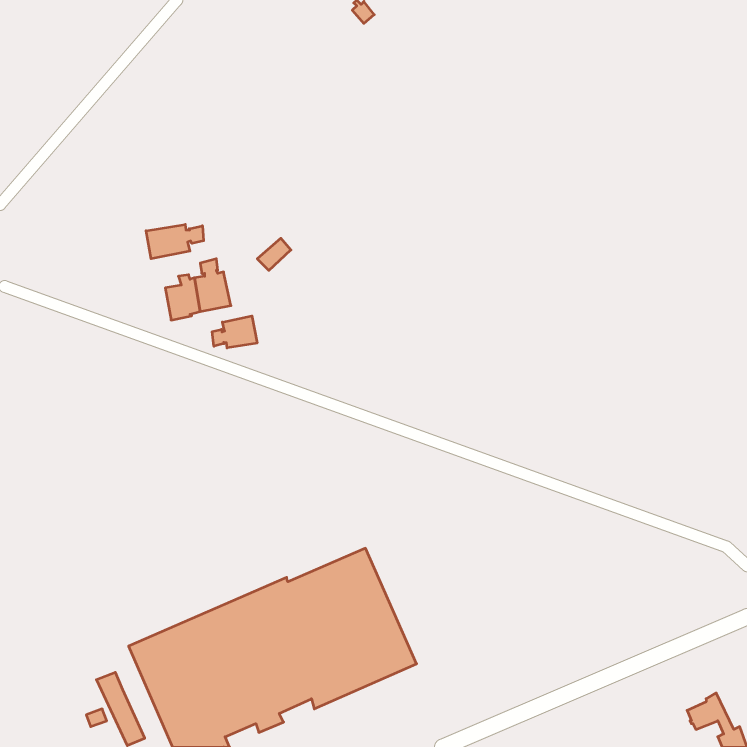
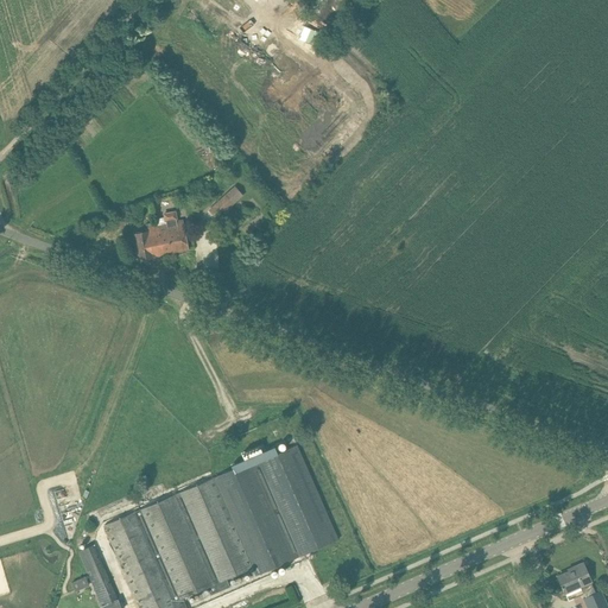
building: [146,224,204,259] -> none
building: [212,316,257,348] -> none

